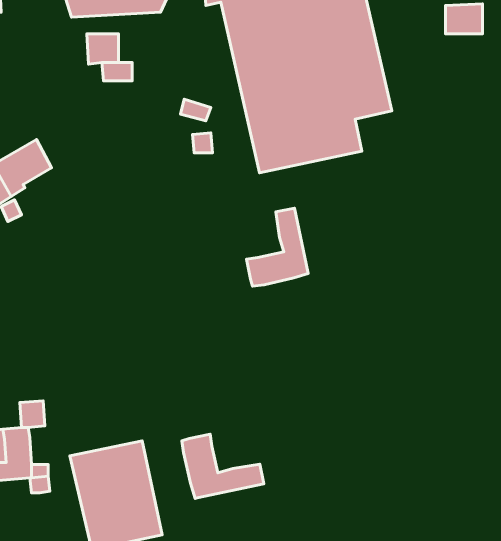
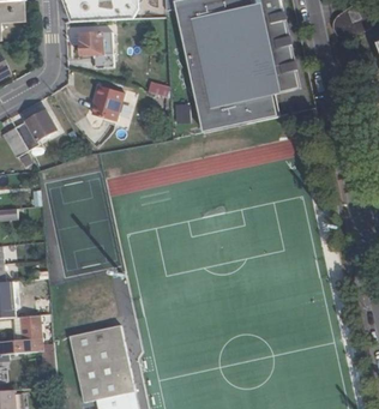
building: none -> [91,84,121,120]
building: [246,208,308,286] -> none
building: [182,434,264,498] -> none

